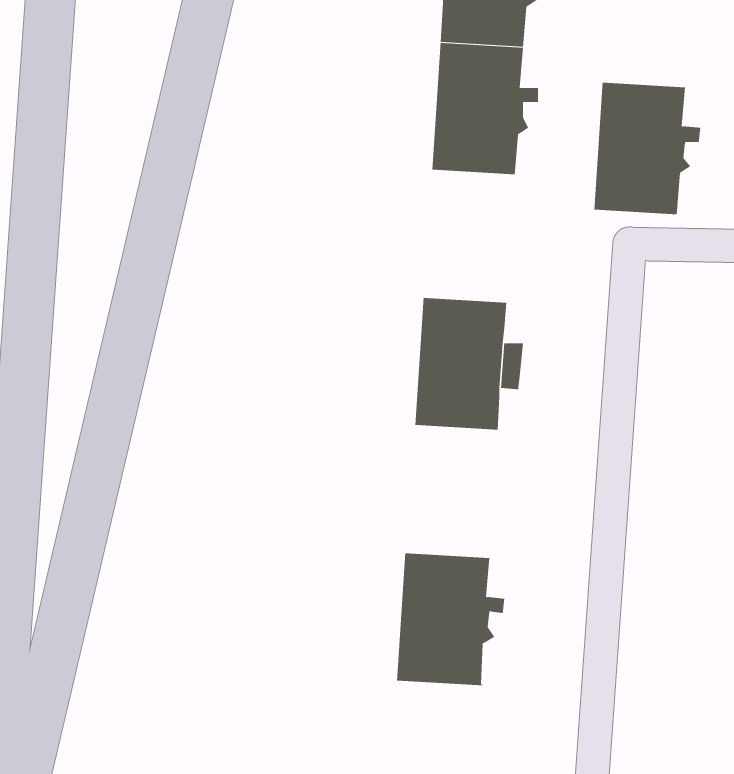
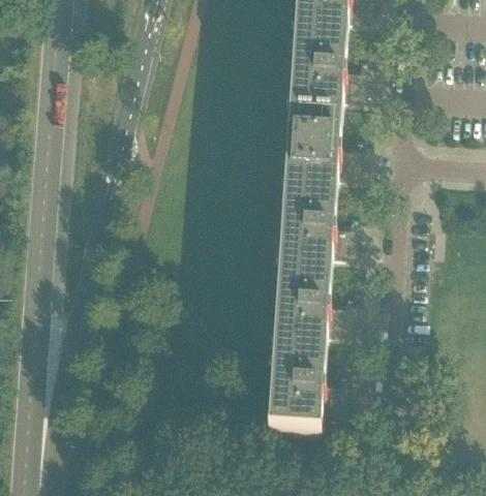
building: [594,82,701,215] -> [283,118,350,199]
building: none -> [272,275,339,357]

